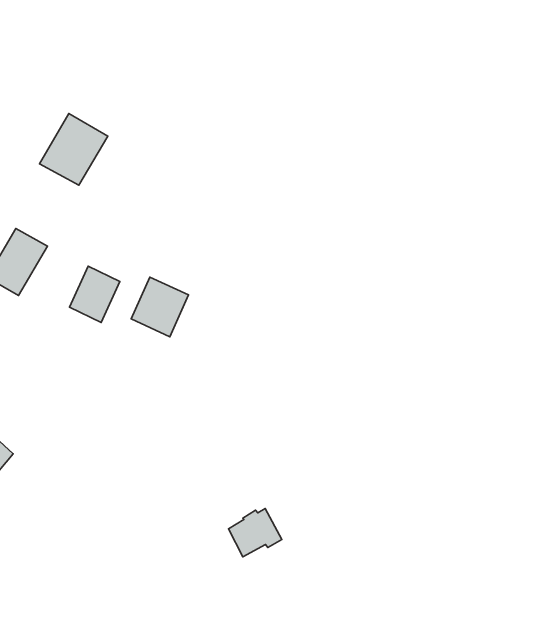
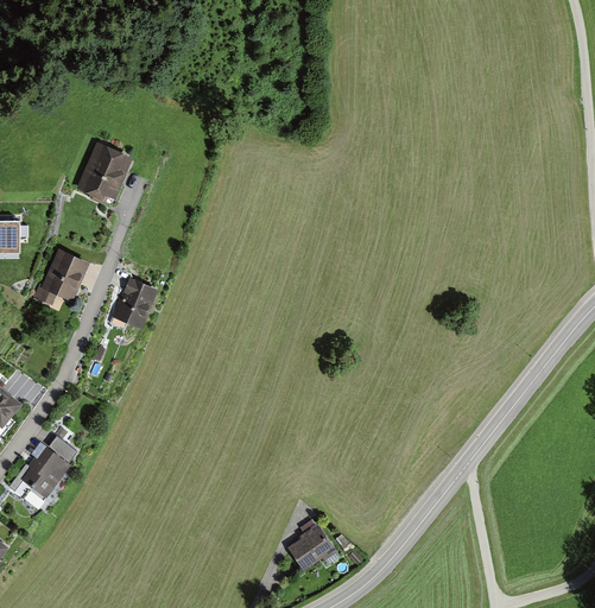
building: [131,277,189,337] -> none
building: [228,508,282,557] -> [286,527,335,572]

